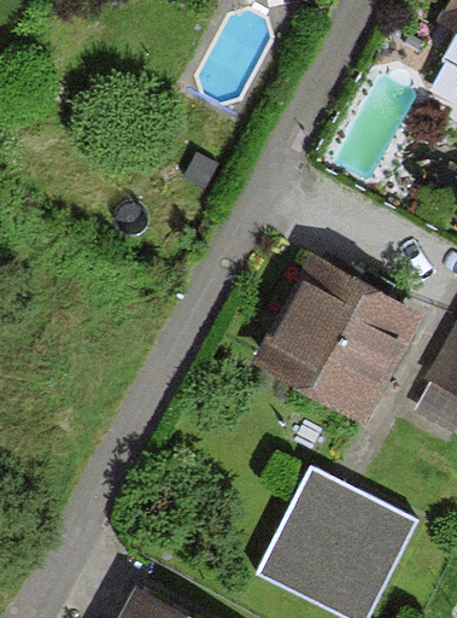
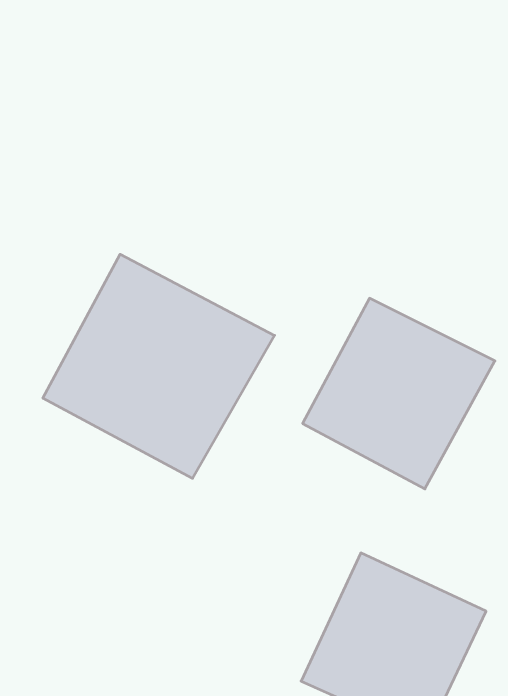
building: none -> [43,254,275,478]

